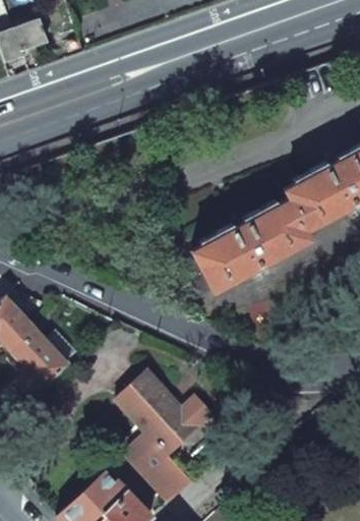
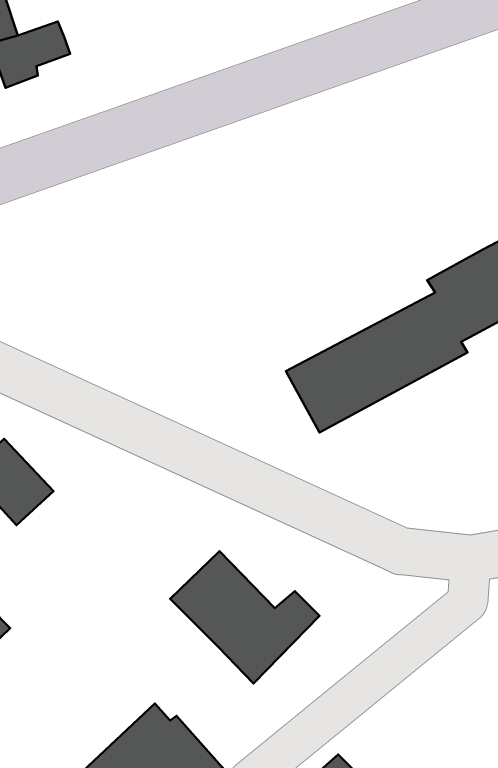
building: [12,331,69,400] -> none
building: [123,433,192,504] -> none

